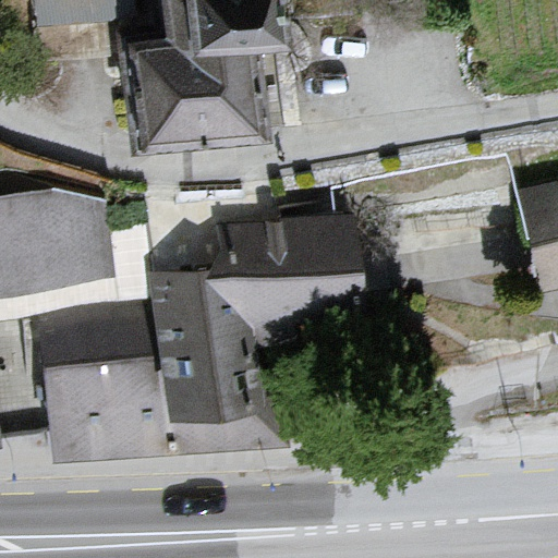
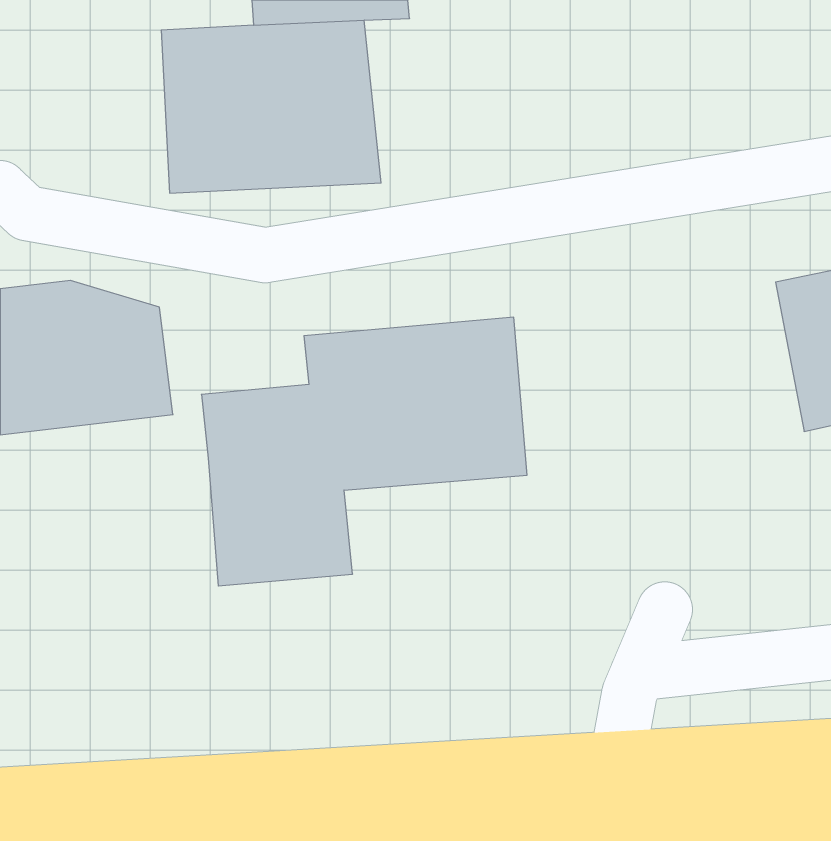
building: [40,308,288,452] -> none

